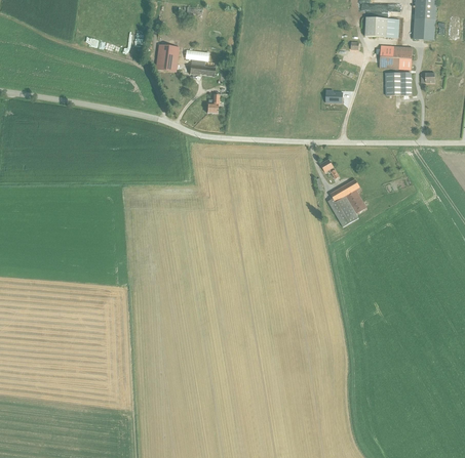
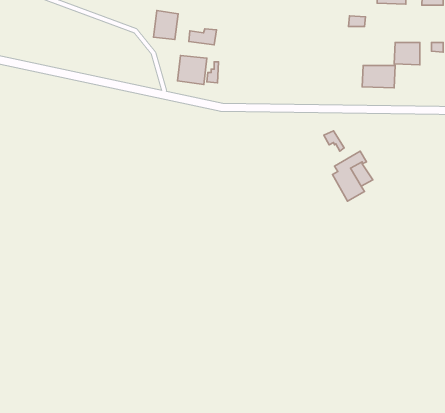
building: [382,46,414,68] -> [362,66,395,88]
building: none -> [178,56,207,85]

